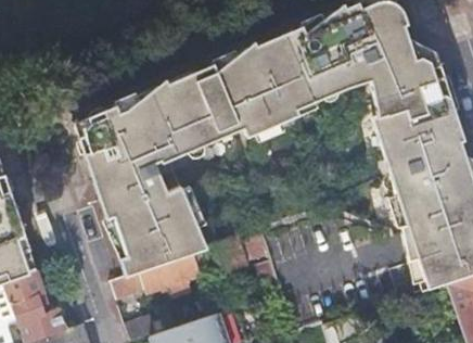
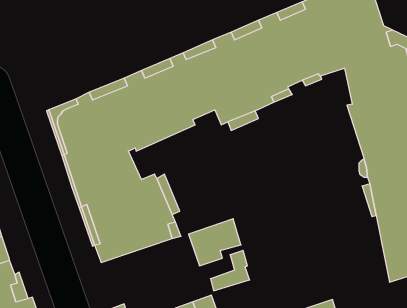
building: [111,255,206,301] -> none

